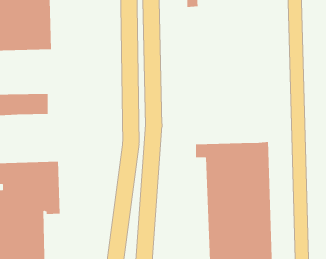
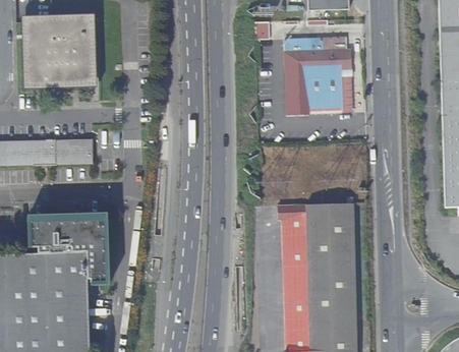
building: none -> [283,37,352,115]

